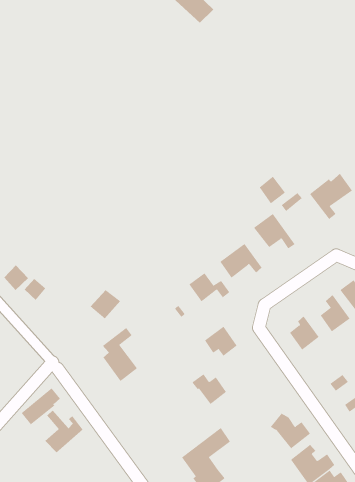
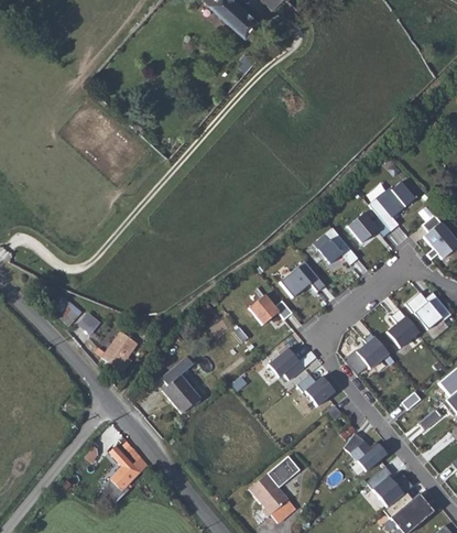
building: [259,176,286,204] -> [348,214,377,243]
building: [90,290,121,319] -> [106,335,138,366]
building: [192,374,227,405] -> [297,374,335,406]

